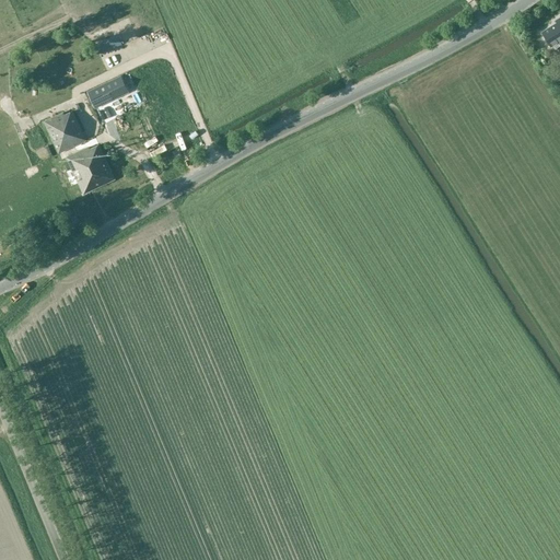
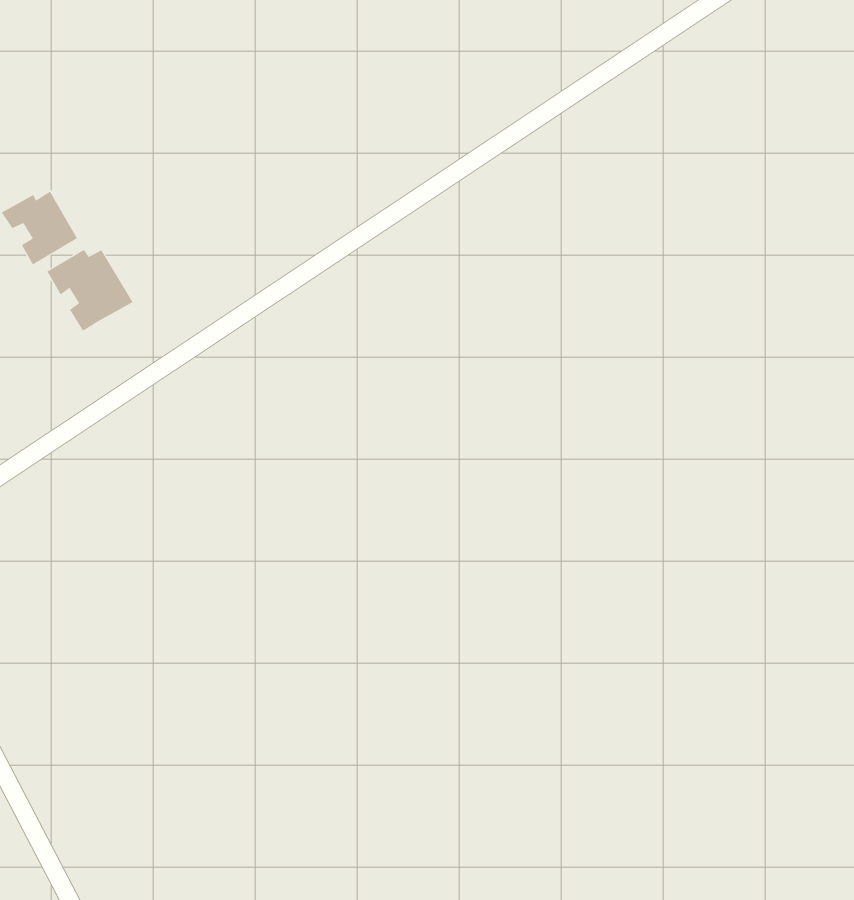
building: [88,77,129,109] -> none

